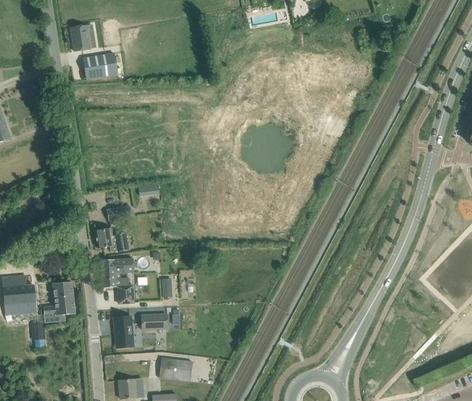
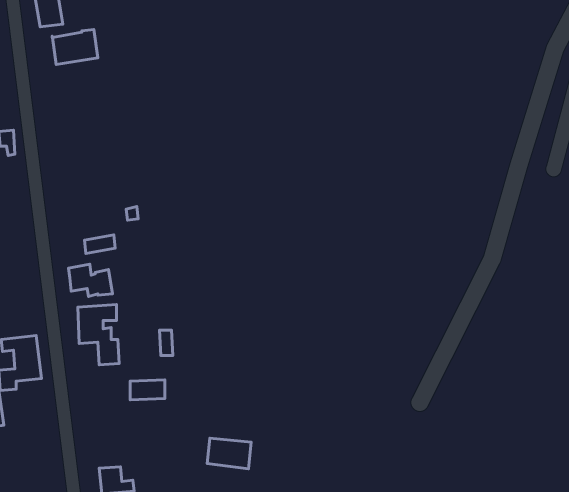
building: [114,315,133,346] -> none
building: [159,357,192,380] -> [207,438,251,469]

